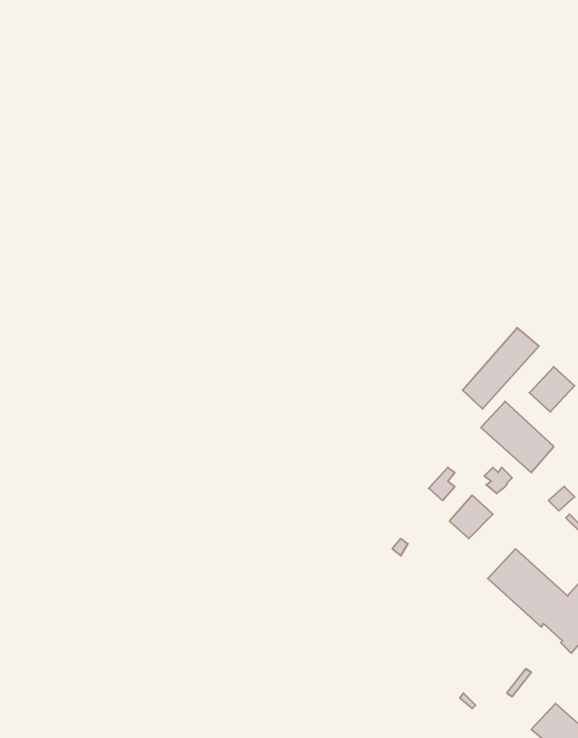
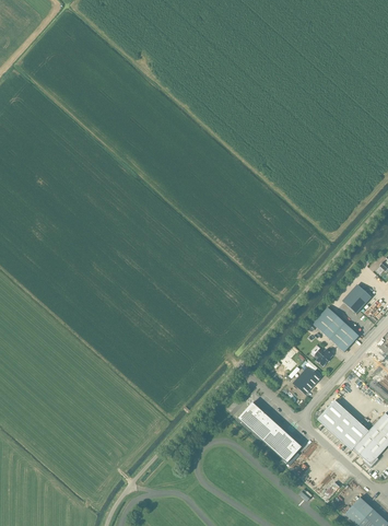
building: [463,328,539,409] -> none
building: none -> [237,402,302,463]

